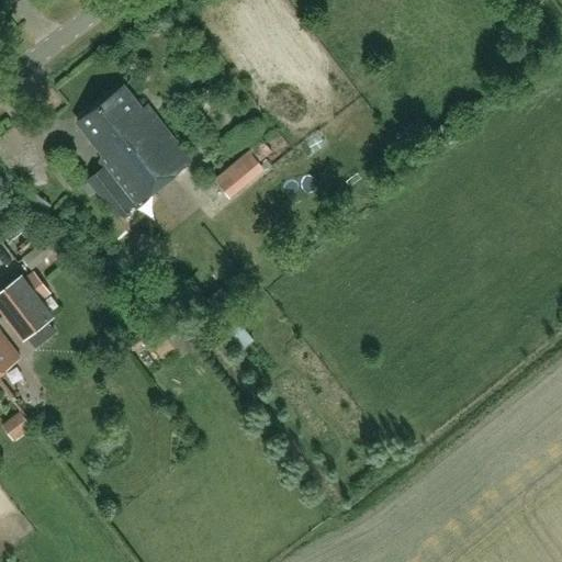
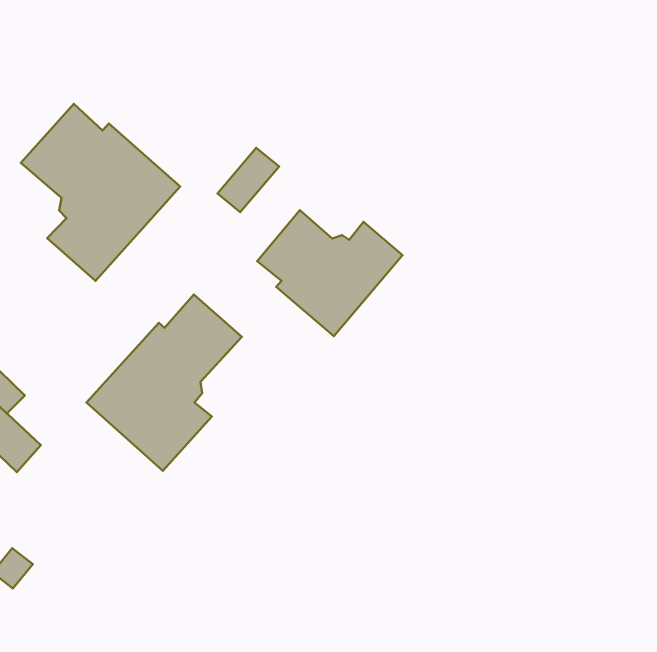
building: none -> [257,210,403,336]
building: none -> [87,294,242,471]

